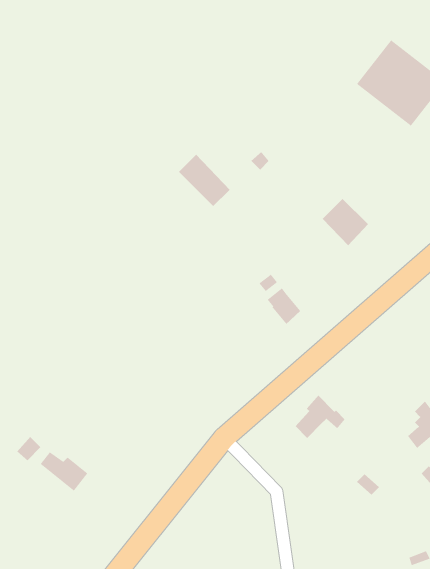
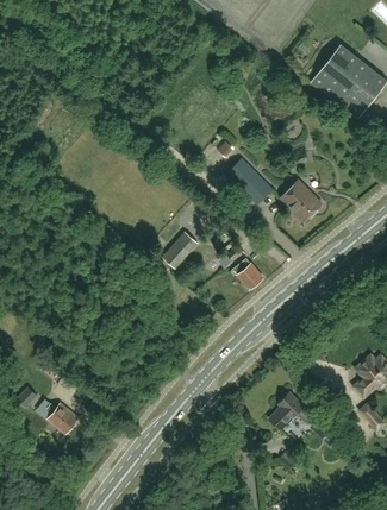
building: [178,154,230,208] -> [226,158,271,204]
building: none -> [161,232,196,269]
building: [295,395,346,439] -> [268,392,312,430]

